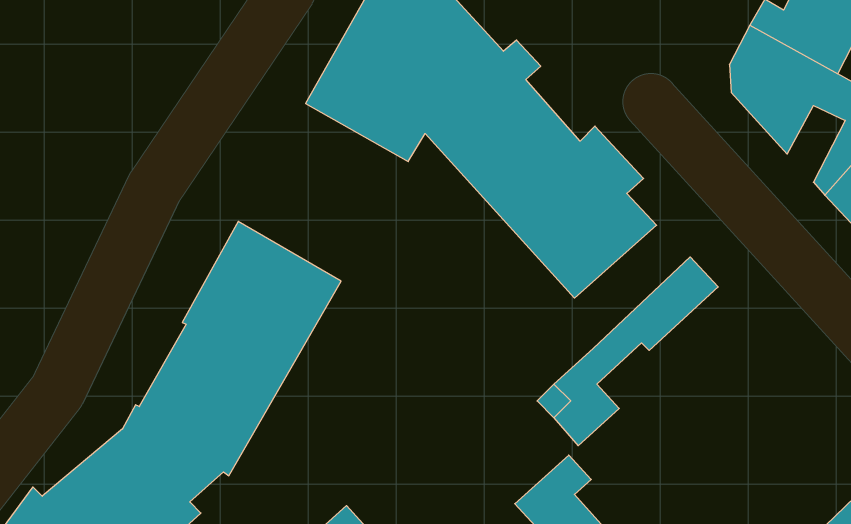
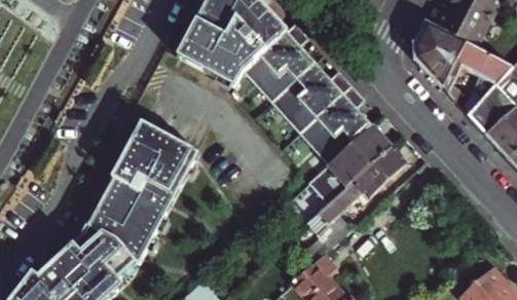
building: none -> [319,126,391,195]

